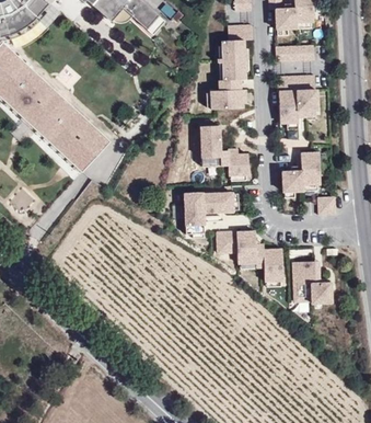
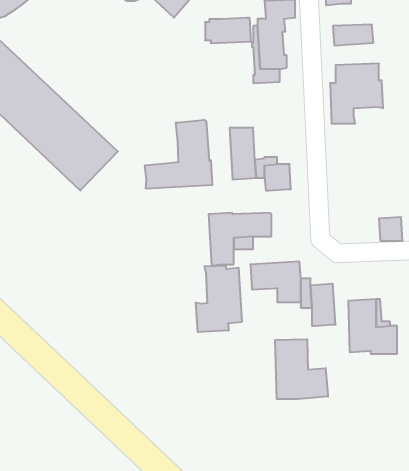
building: [207,89,243,108] -> [205,18,251,43]
building: none -> [145,120,212,189]
building: [282,151,321,191] -> none
building: none -> [196,265,242,332]
building: none -> [275,339,328,399]

